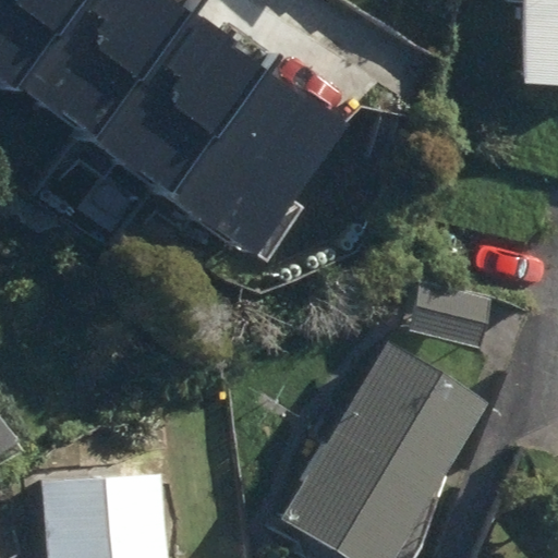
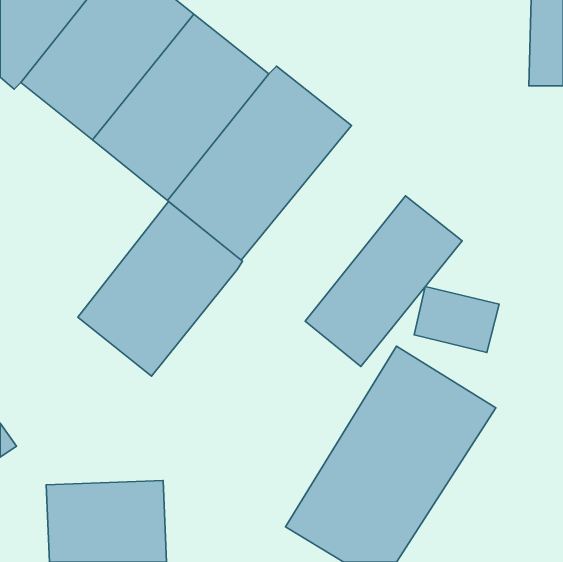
building: none -> [305,196,462,367]
building: none -> [78,201,242,376]

